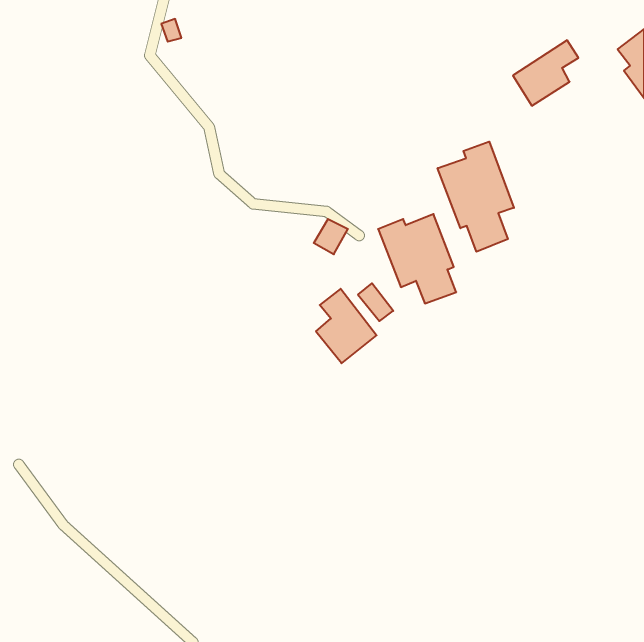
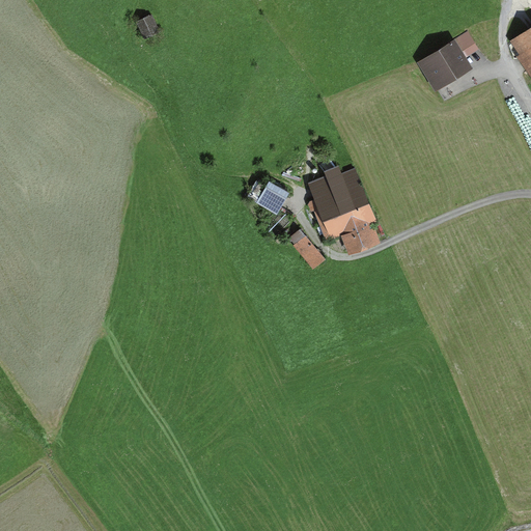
building: [438,142,514,252] -> none
building: [316,289,377,363] -> none

